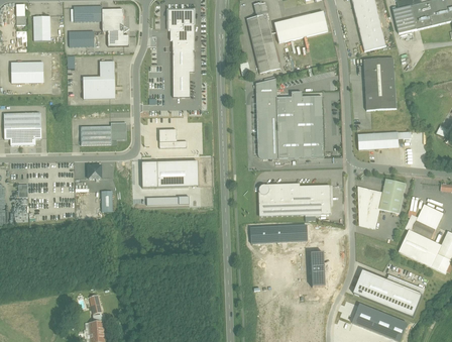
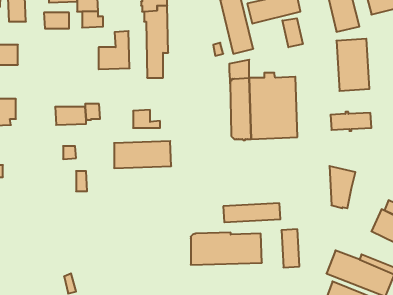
building: none -> [282,18,303,47]
building: [83,61,114,99] -> [99,31,130,69]
building: [378,179,406,213] -> none
building: [258,184,330,216] -> [191,233,262,265]

